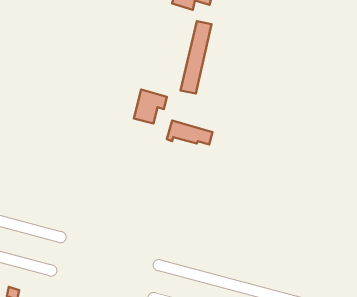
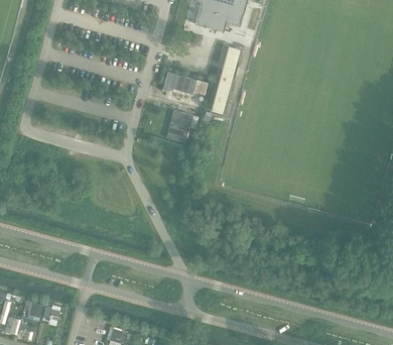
building: [167,121,212,144] -> [162,73,207,96]

